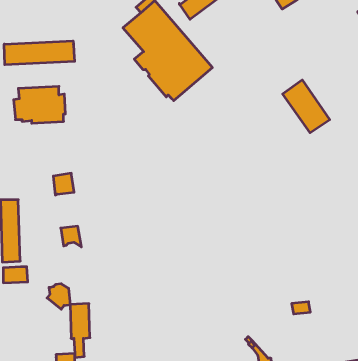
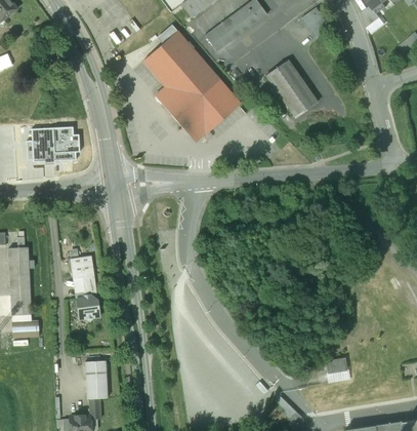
building: [4,41,75,65] -> none
building: [283,80,330,133] -> [265,60,317,117]
building: [53,173,74,195] -> [71,256,93,279]
building: [47,284,71,309] -> [74,293,99,321]

